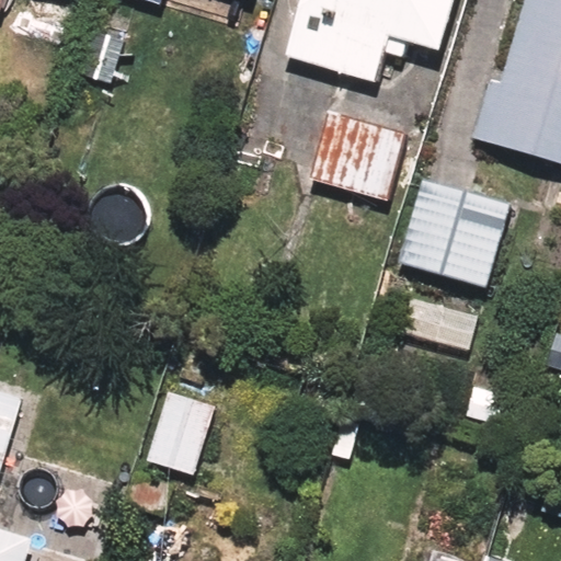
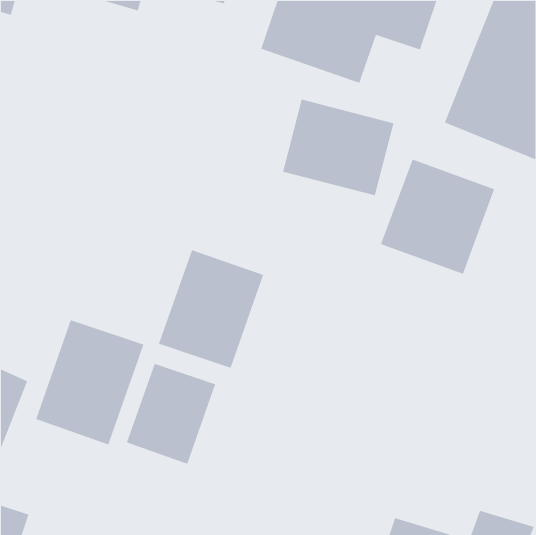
building: none -> [158,249,264,369]
building: none -> [35,319,145,445]

